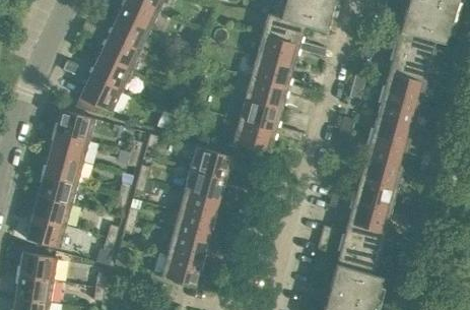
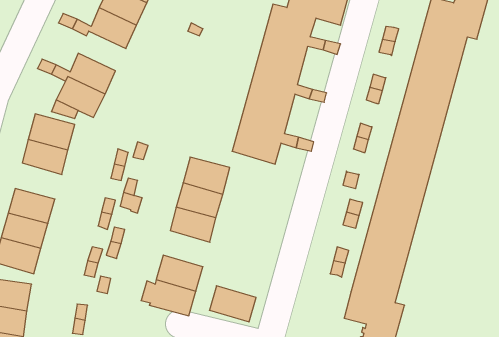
building: [98,37,140,71] -> none
building: [44,151,84,183] -> none
building: [173,210,213,242] -> [209,286,256,322]

